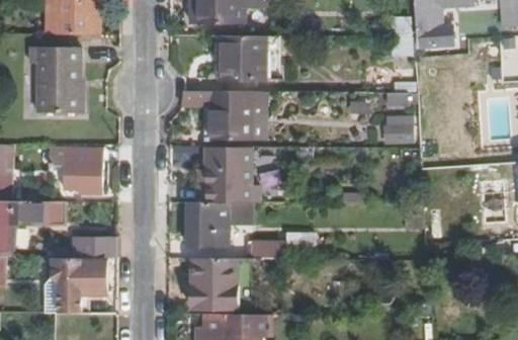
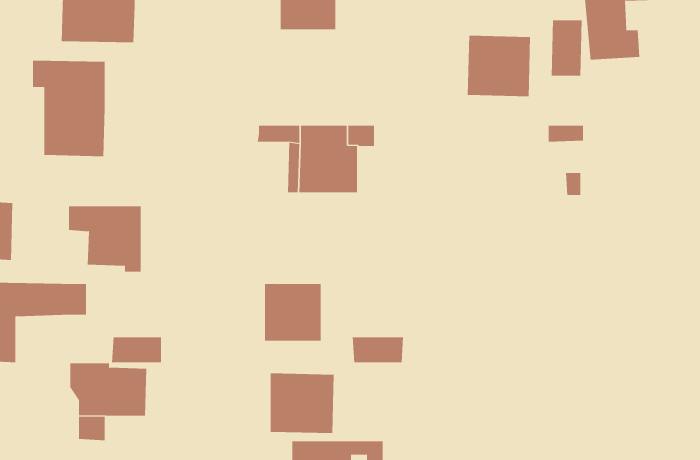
building: none -> [467,35,531,97]
building: [220,35,265,78] -> none
building: [198,147,260,202] -> none

